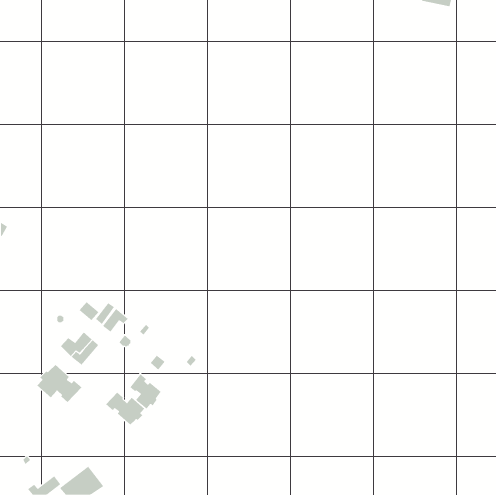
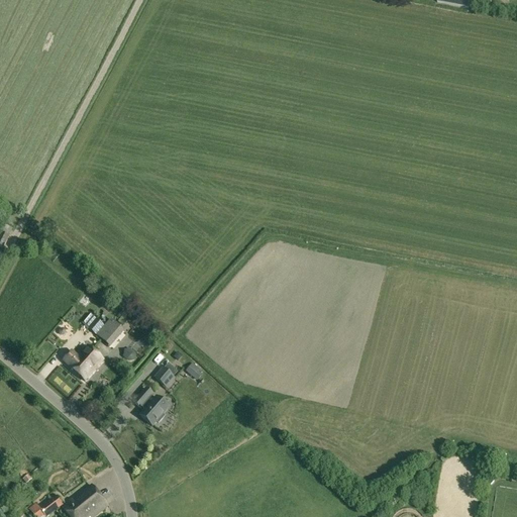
building: [37,364,82,403] -> none
building: [105,392,145,426] -> none

